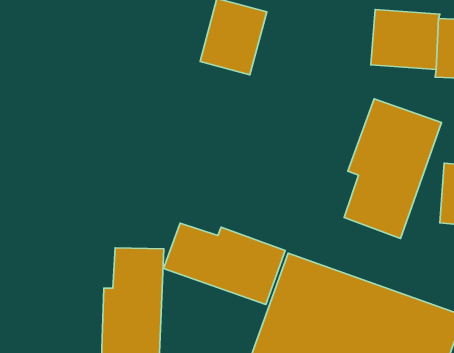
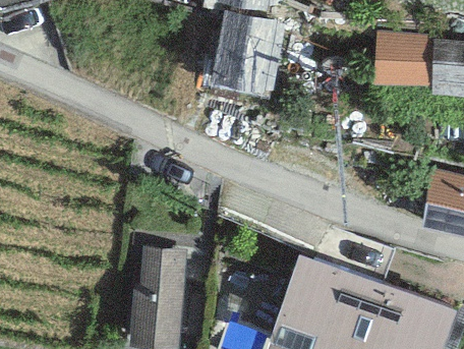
building: [344,99,441,238] -> none
building: [163,223,285,304] -> none

